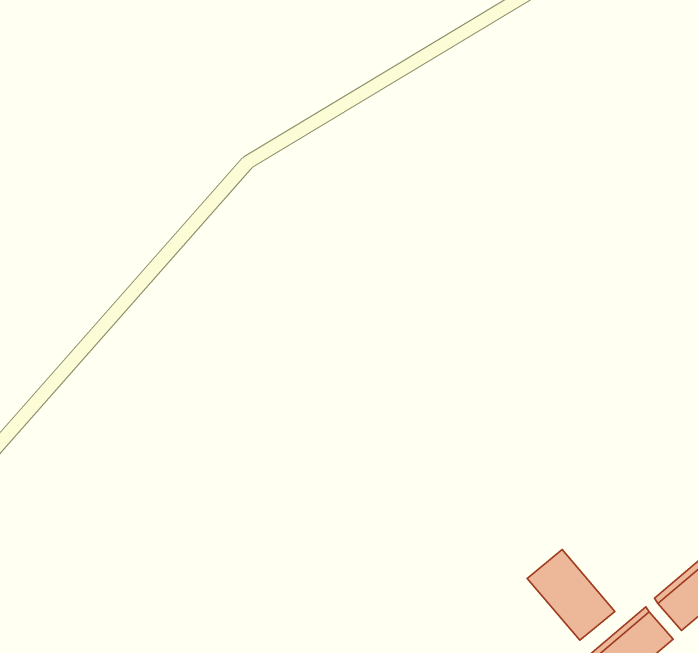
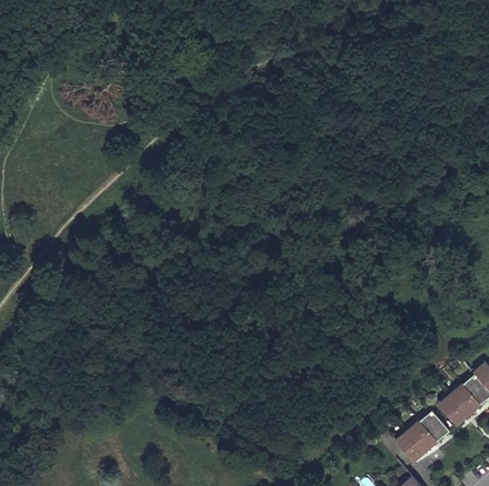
building: [527,549,615,640] -> none

